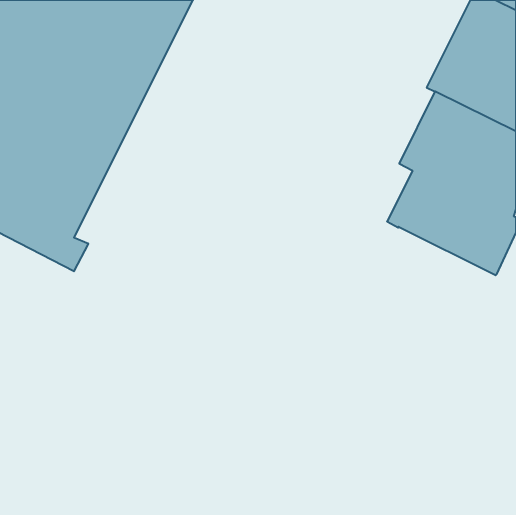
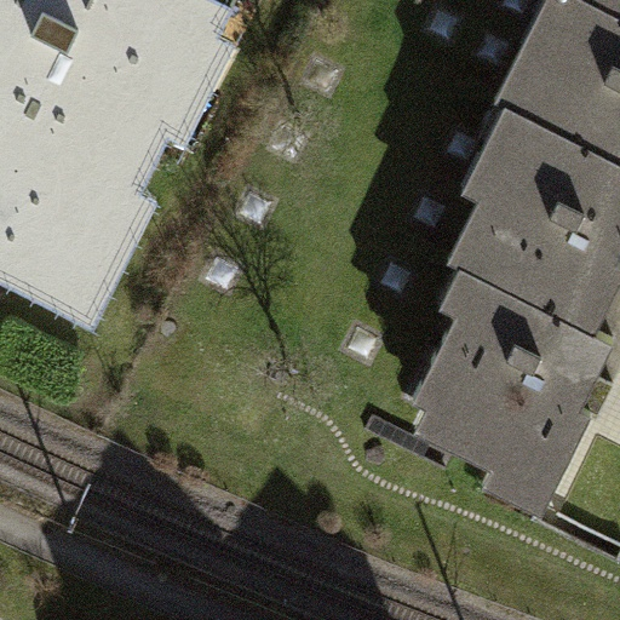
building: none -> [411,275,610,498]

